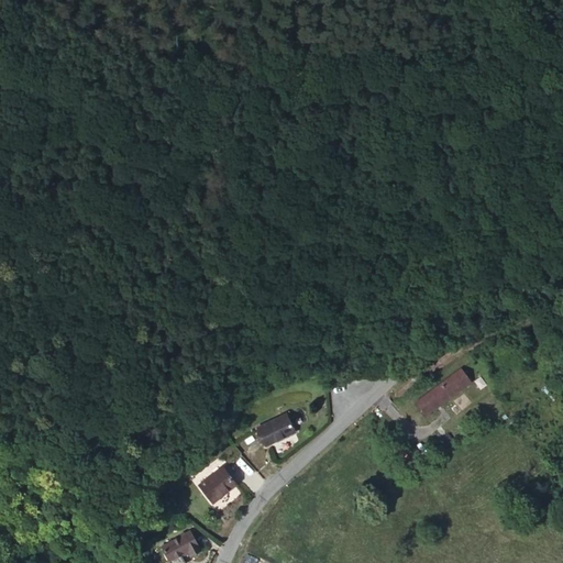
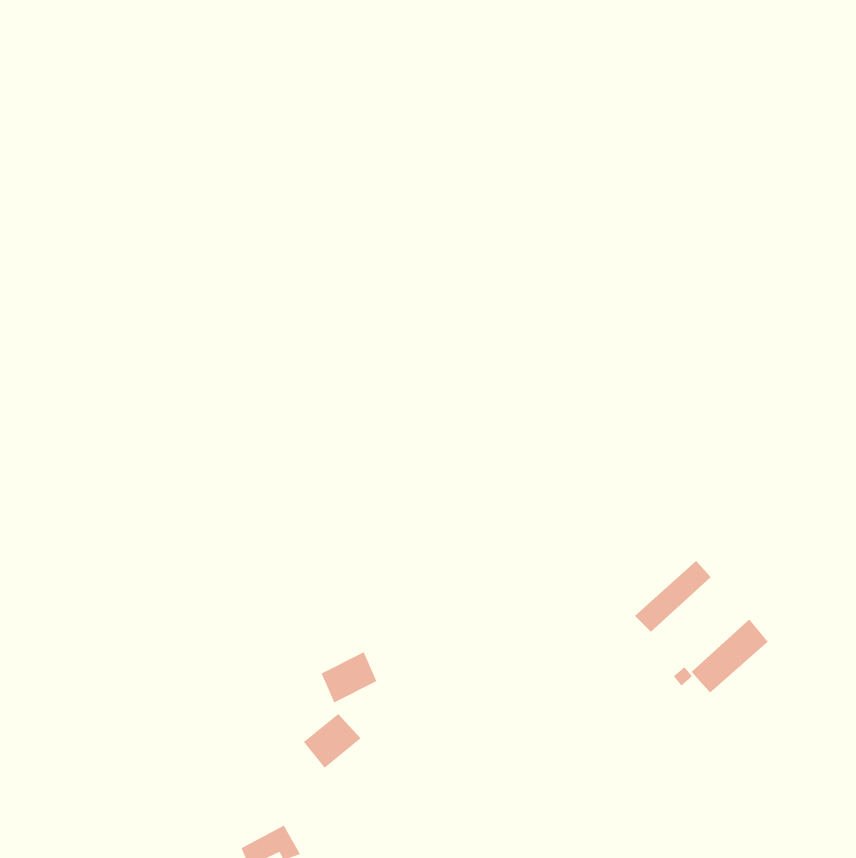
building: none -> [691,618,769,693]
building: [256,412,294,446] -> [320,651,378,703]

